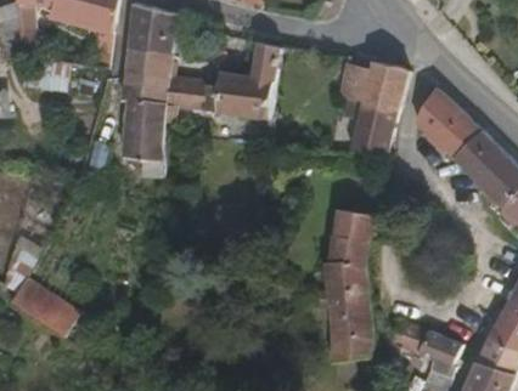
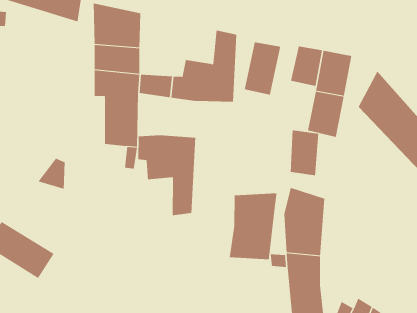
building: none -> [244,42,281,95]
building: none -> [290,129,319,176]
building: none -> [138,134,196,216]
building: none -> [229,192,277,260]

